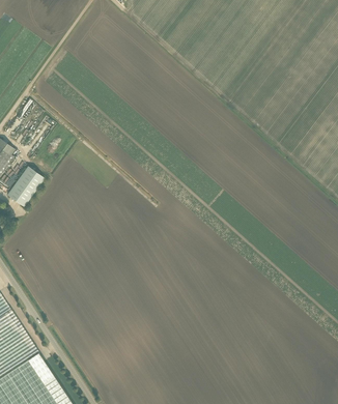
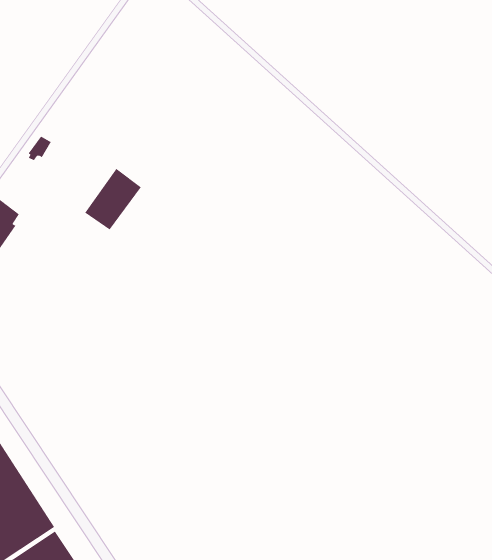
building: [6,166,44,206] -> [84,168,142,230]

